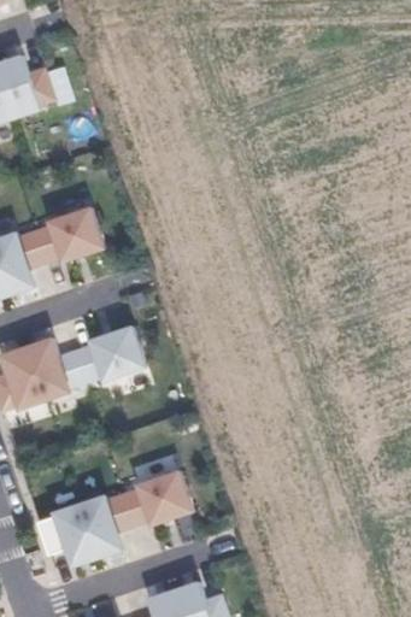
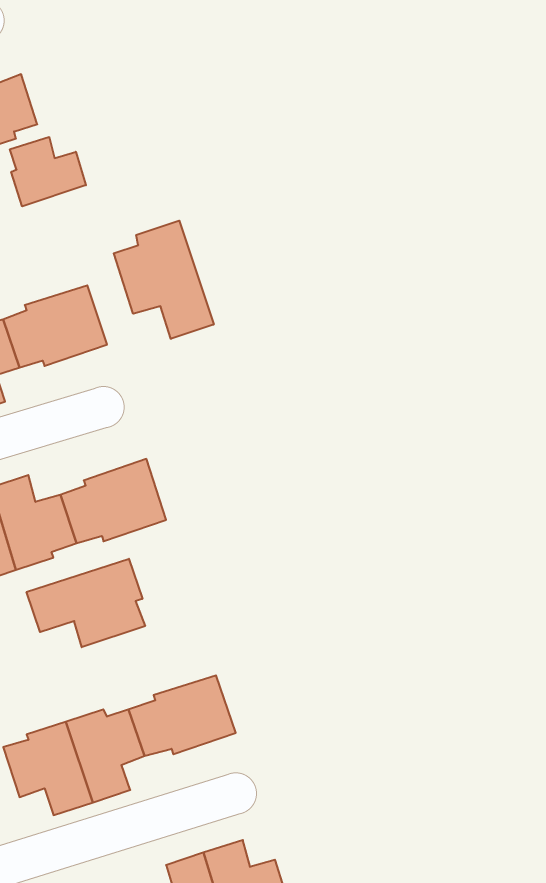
building: none -> [10,137,86,206]
building: none -> [114,221,214,339]
building: none -> [27,559,145,647]

